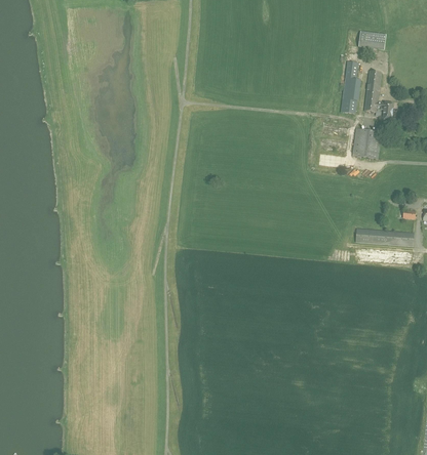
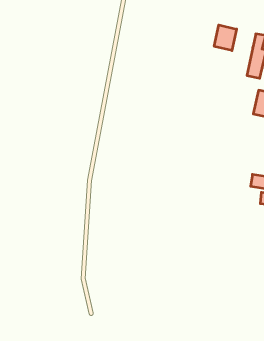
building: none -> [214,25,237,51]

